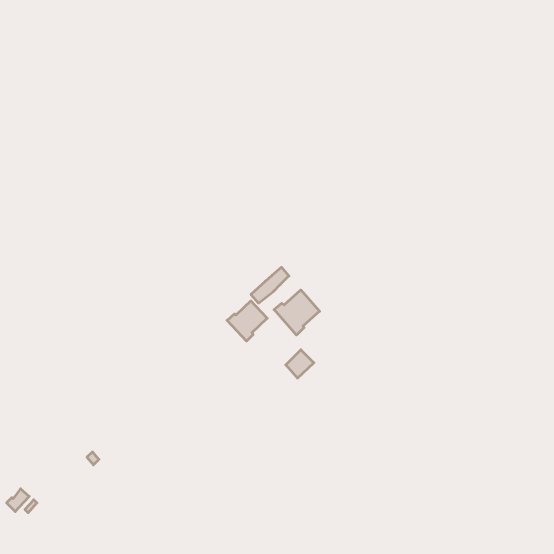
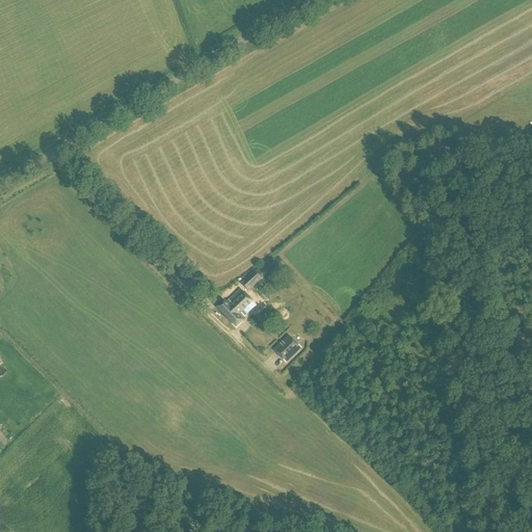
building: [274,290,320,335] -> none

